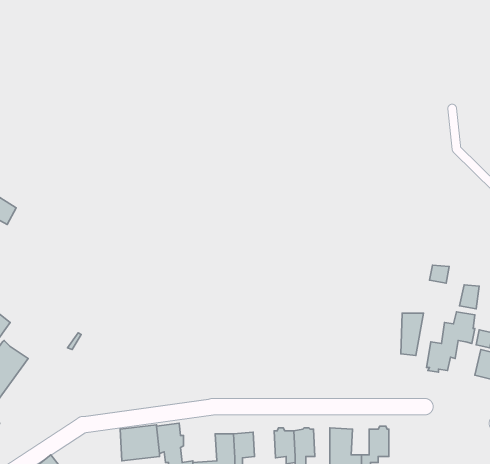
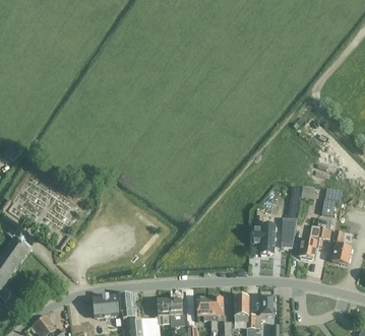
building: none -> [255,209,275,252]

